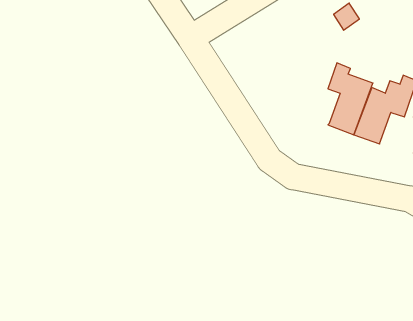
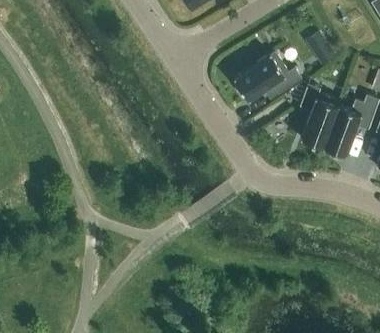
building: none -> [233,52,301,101]

